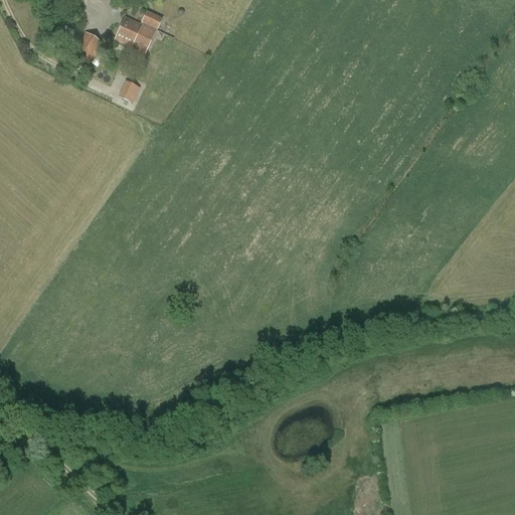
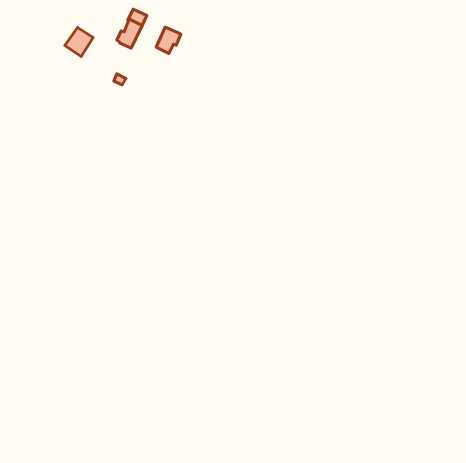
building: [115,15,142,44] -> [156,27,181,53]

